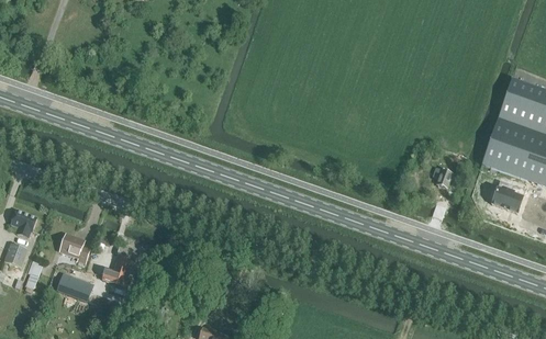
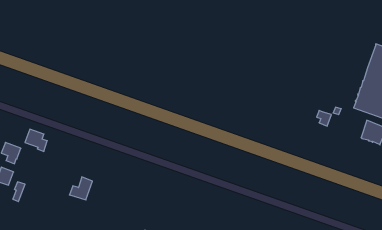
building: [60,234,90,263] -> [25,129,47,151]
building: [55,271,92,303] -> none

